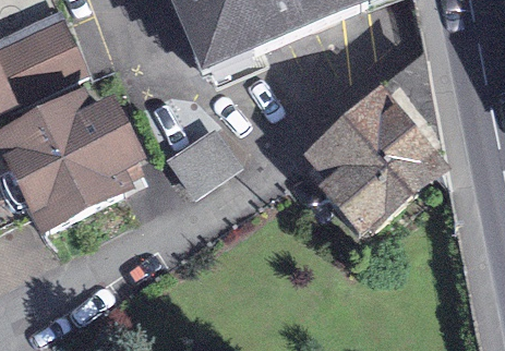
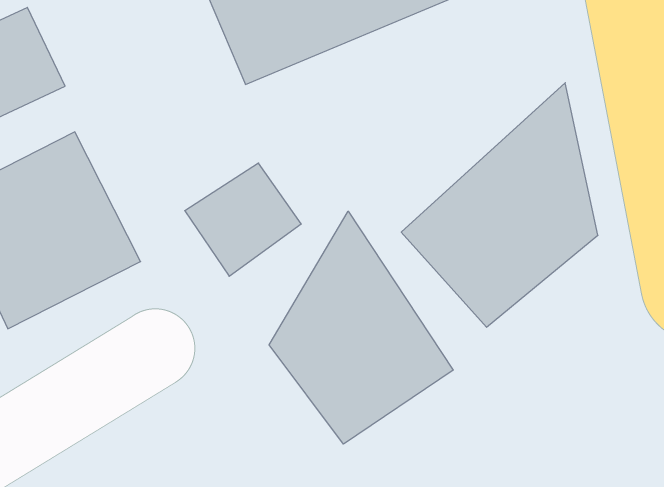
building: none -> [269,211,453,444]

